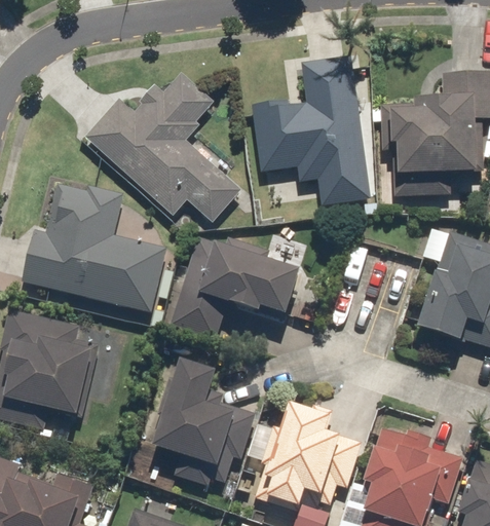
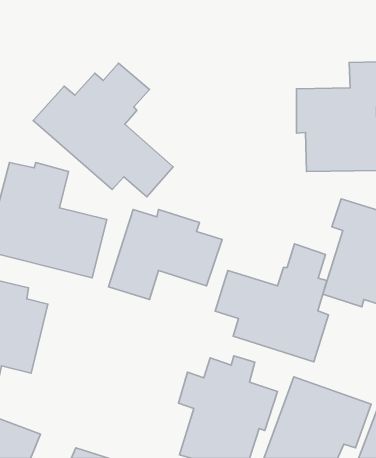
building: [253,53,373,205] -> none
building: none -> [215,244,329,362]
building: [147,362,257,493] -> none

